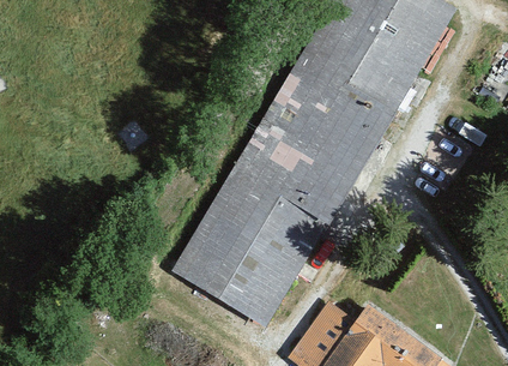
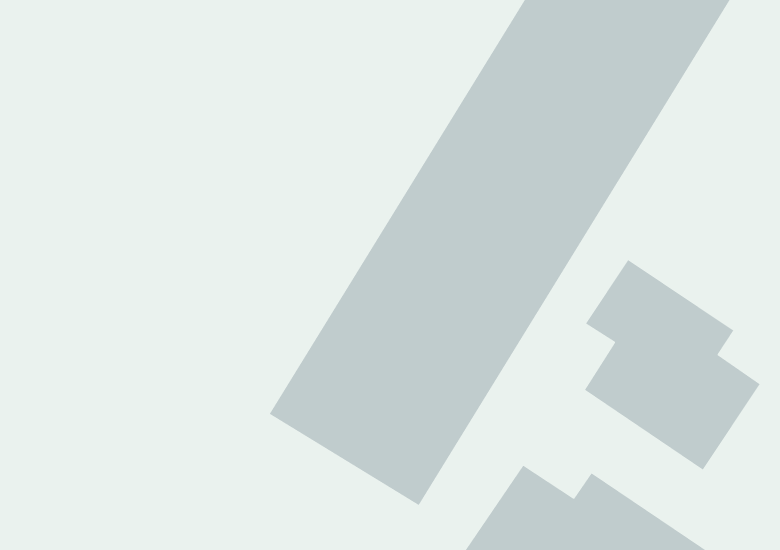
building: none -> [584,259,761,471]

